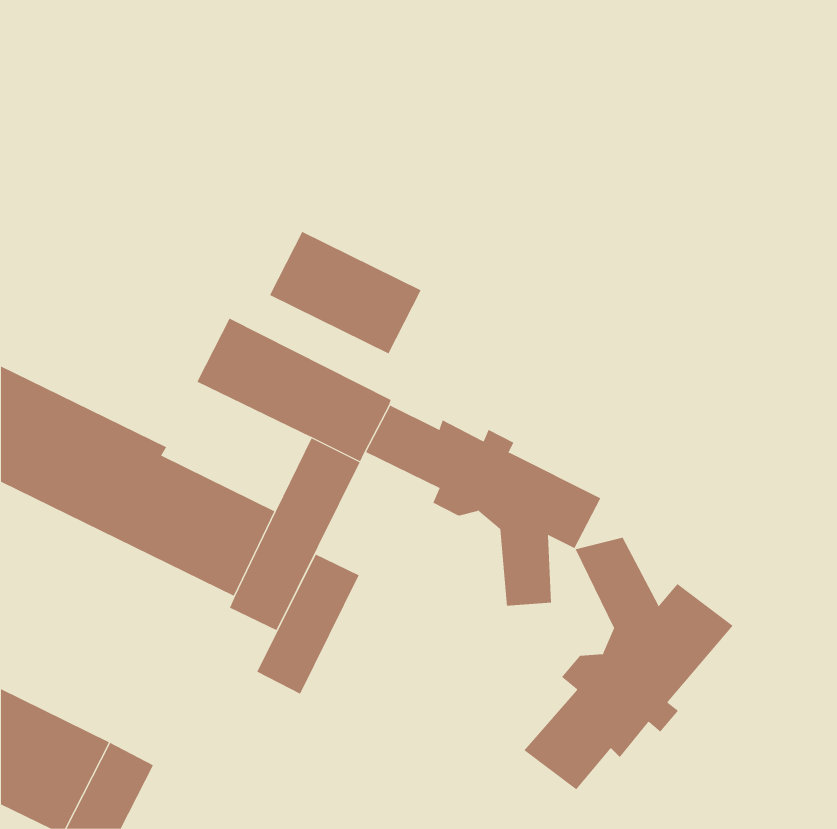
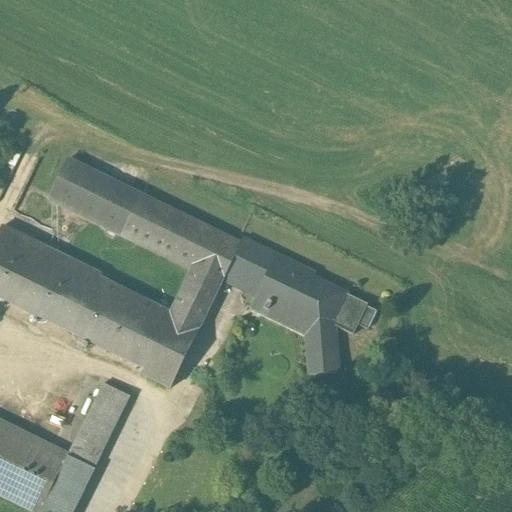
building: [269,231,421,354] -> [47,158,140,233]
building: [524,537,733,790] -> none
building: [256,554,360,695] -> [67,381,130,467]

